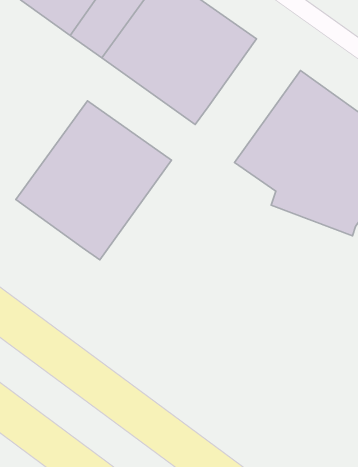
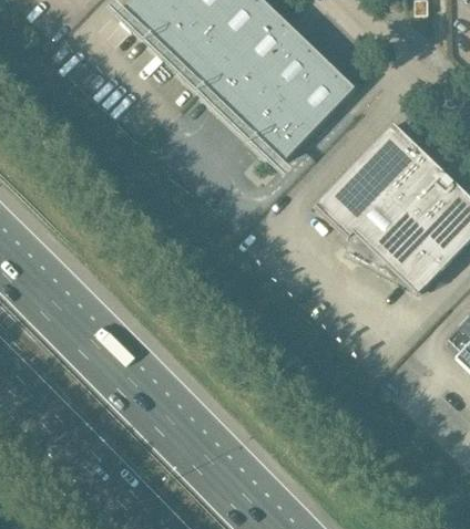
building: [16,101,172,260] -> none

